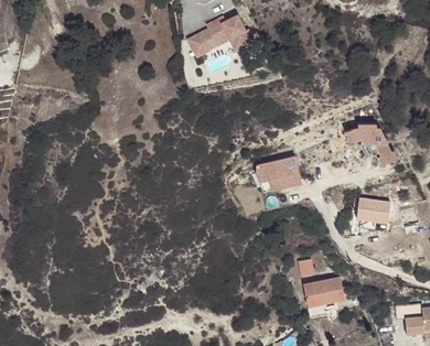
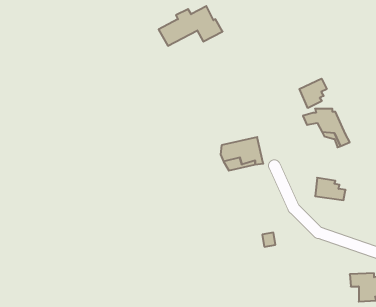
building: none -> [299,79,327,108]
building: [303,278,343,317] -> none

